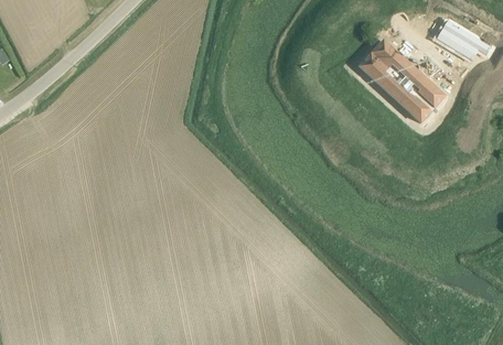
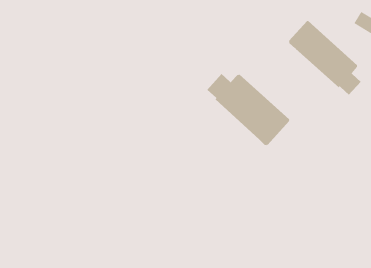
building: none -> [207,73,290,147]

